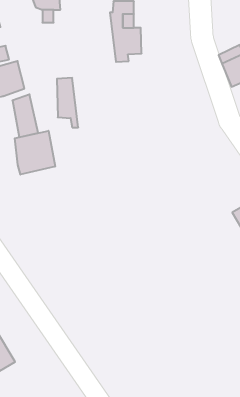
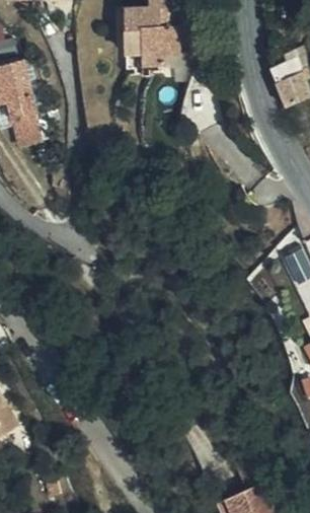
building: [57,78,78,127] -> [120,16,145,75]
building: [15,131,55,175] -> none

